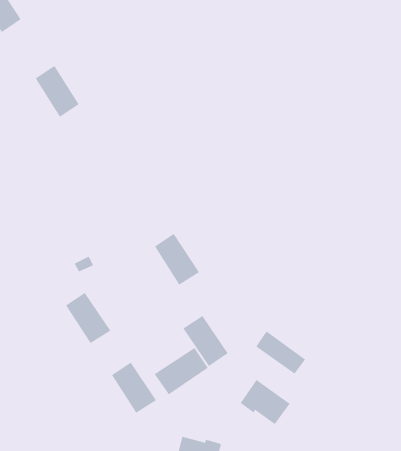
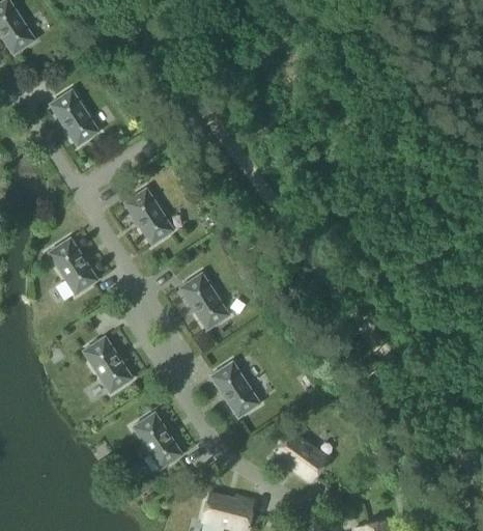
building: none -> [124,188,173,244]
building: none -> [48,237,97,294]
building: [256,330,306,374] -> none
building: [154,347,208,395] -> none

